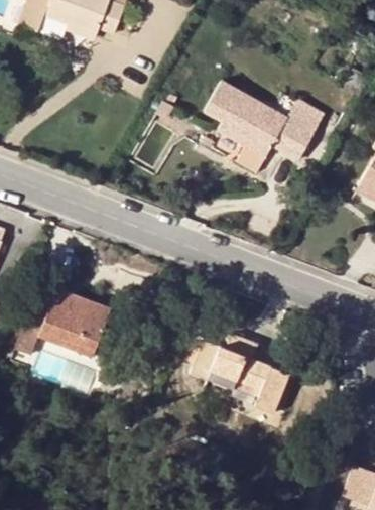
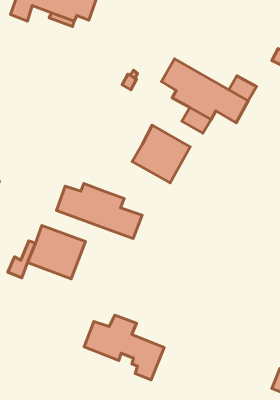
building: none -> [132,125,190,183]
building: none -> [56,183,142,239]
building: [191,333,290,413] -> [84,315,164,380]

